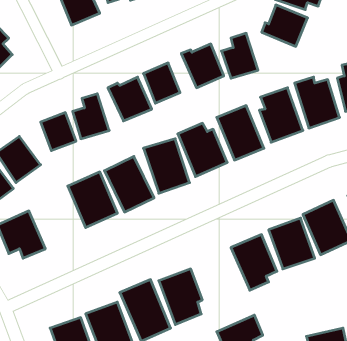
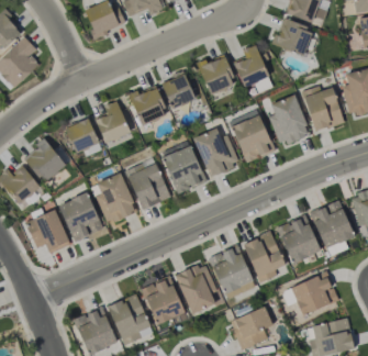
building: none -> [58,192,103,242]
building: none -> [210,245,253,293]
building: none -> [290,271,339,315]

